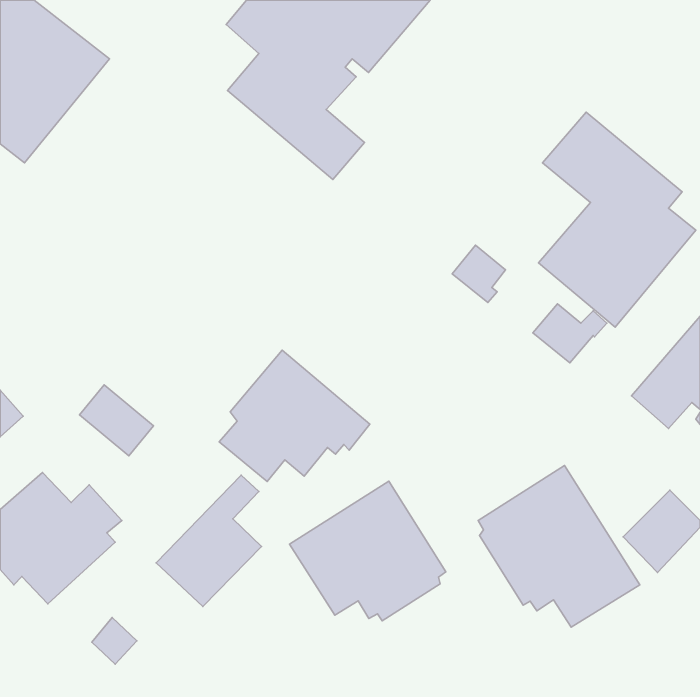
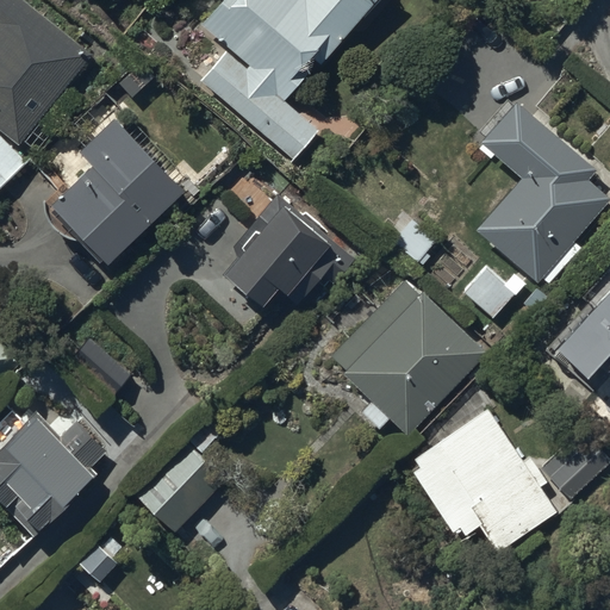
building: none -> [52,114,188,263]
building: none -> [335,280,492,438]
building: [219,350,370,482] -> [224,194,355,309]
building: [289,481,446,621] -> none

